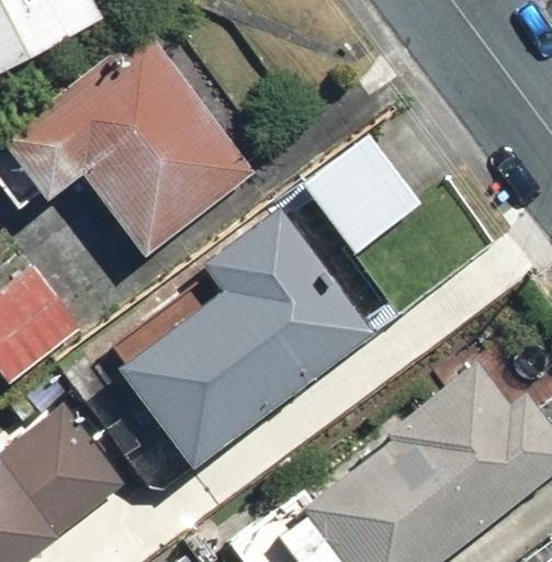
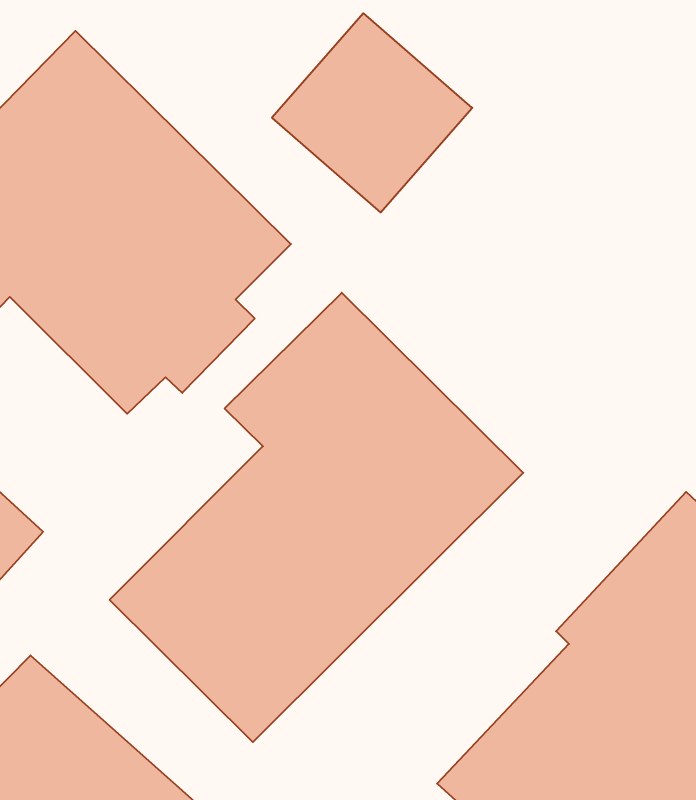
building: [300,133,421,255] -> [272,13,472,212]

